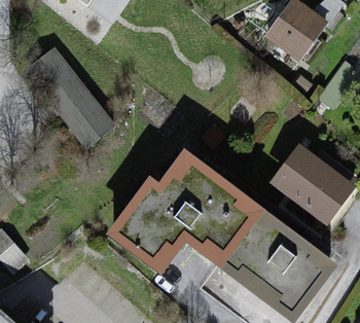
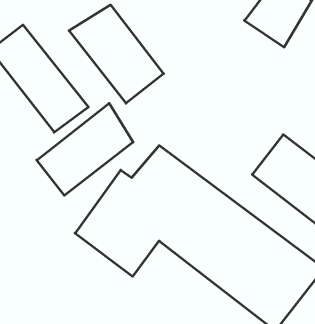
building: none -> [69,5,164,103]
building: none -> [37,103,133,195]

